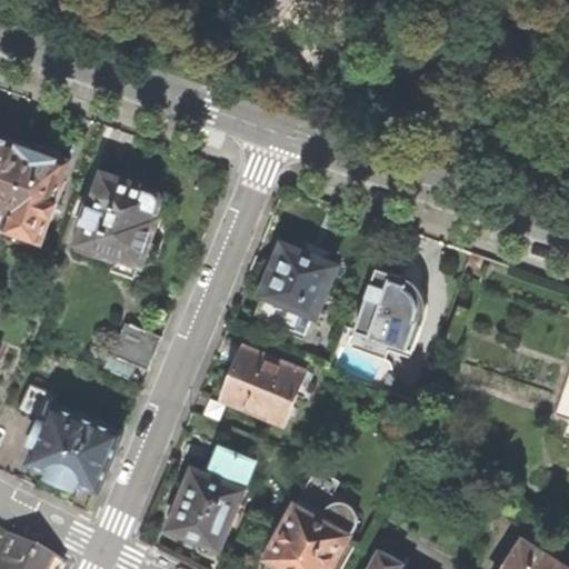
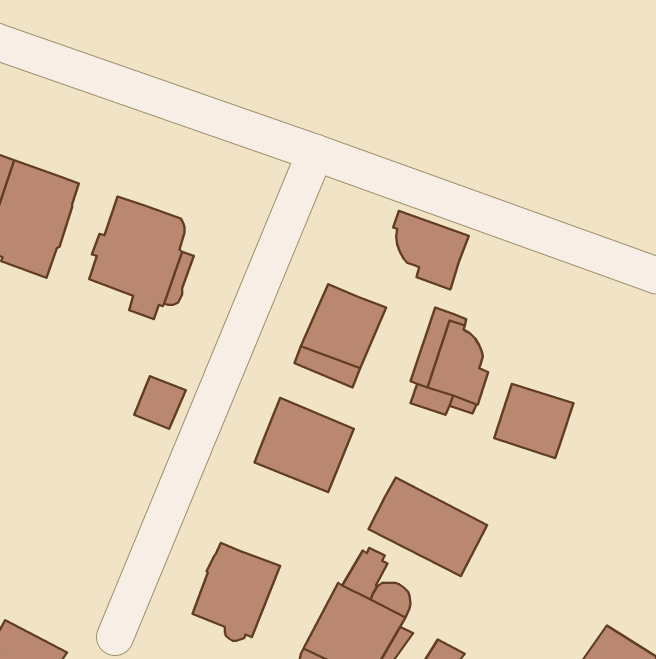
building: none -> [393,211,469,289]
building: none -> [494,384,573,458]
building: [16,382,121,490] -> none
building: none -> [368,478,487,576]
building: [206,447,253,488] -> none

